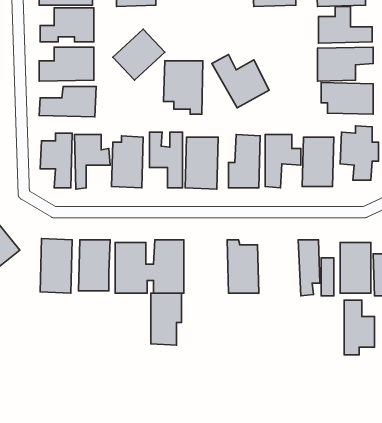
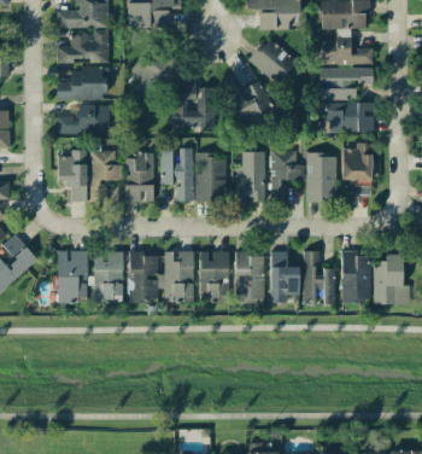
building: none -> [250,37,304,89]
building: [151,293,181,345] -> [200,251,229,301]
building: [344,300,375,355] -> [271,251,300,303]

